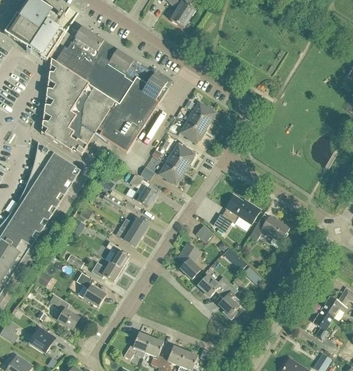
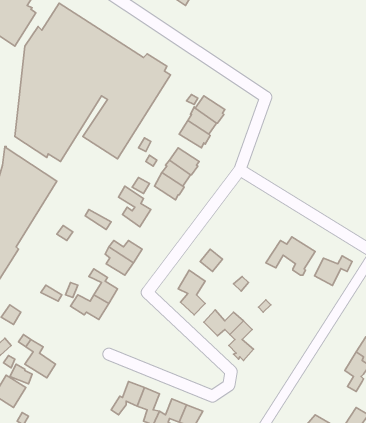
building: [221,193,261,224] -> none
building: none -> [314,256,352,286]
building: [77,272,106,307] -> none

